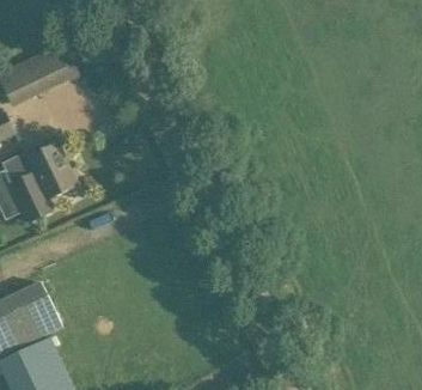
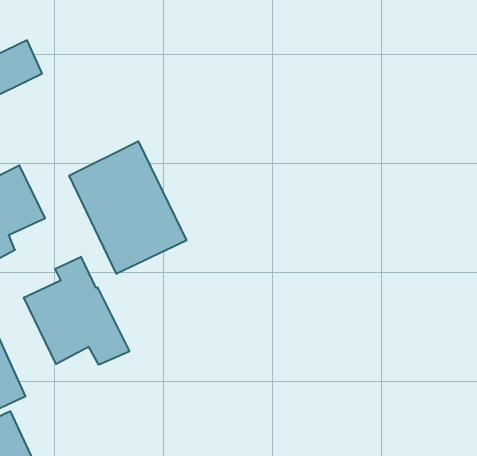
building: none -> [69,141,186,274]
building: none -> [24,257,129,365]

